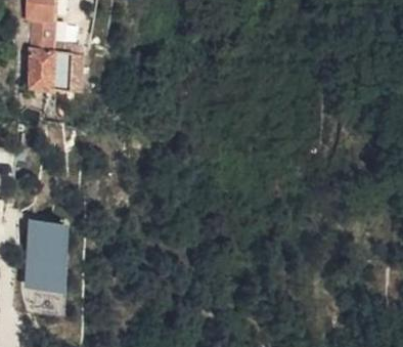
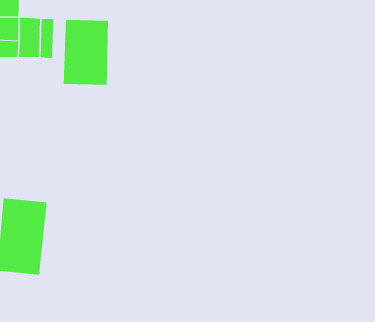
building: none -> [63,19,109,86]

